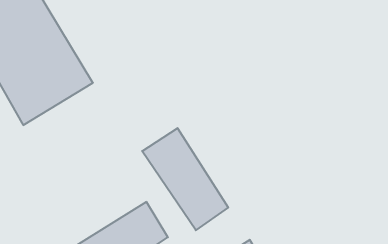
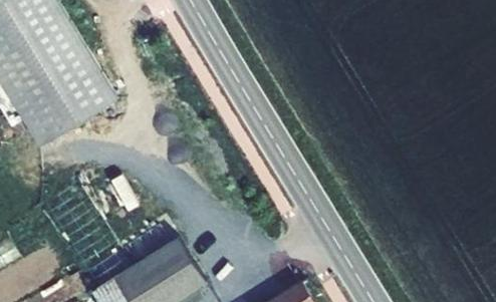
building: [142,128,228,230] -> none

